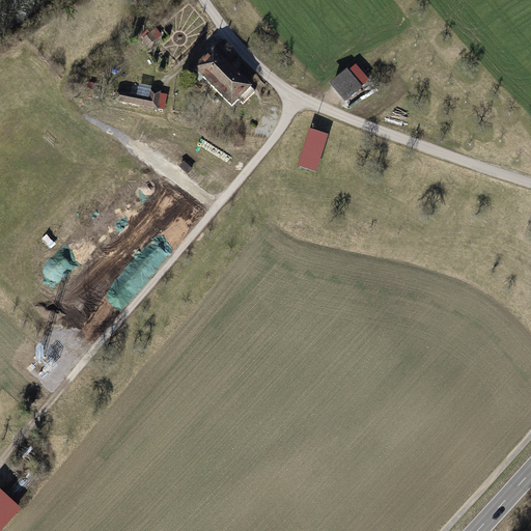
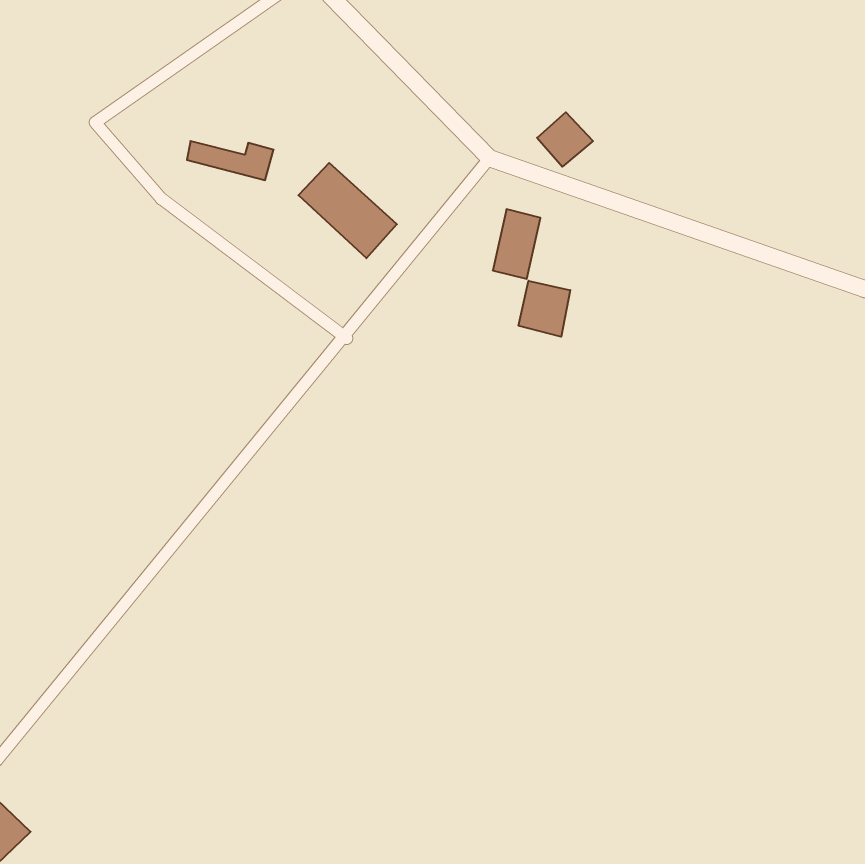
building: [195,49,255,107] -> [298,163,397,258]
building: none -> [519,281,570,337]

